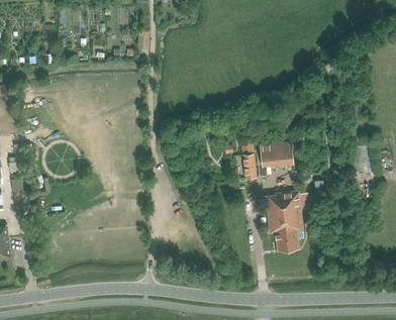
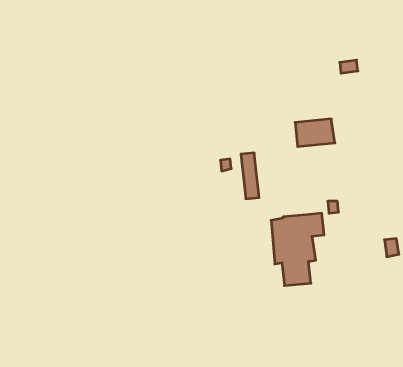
building: [261,143,294,167] -> [295,119,335,147]

